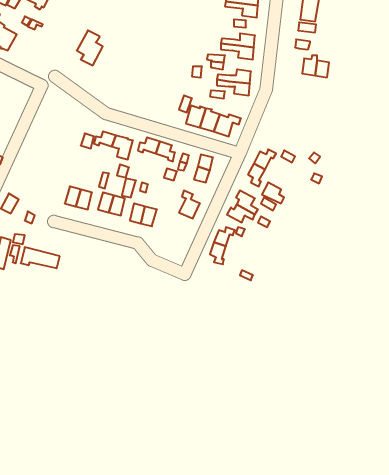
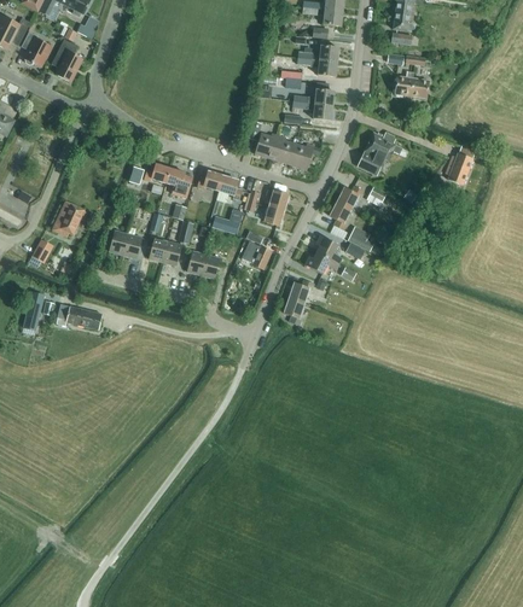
building: [77,30,103,65] -> [51,39,82,81]
building: none -> [358,132,397,175]
building: none -> [444,145,475,183]
building: none -> [54,200,85,234]

